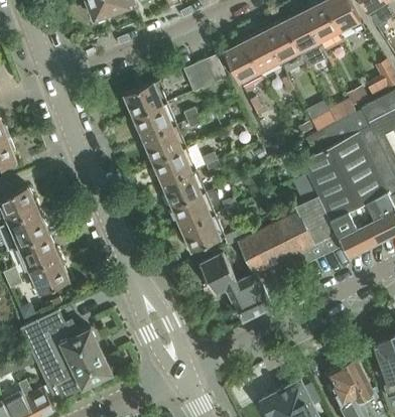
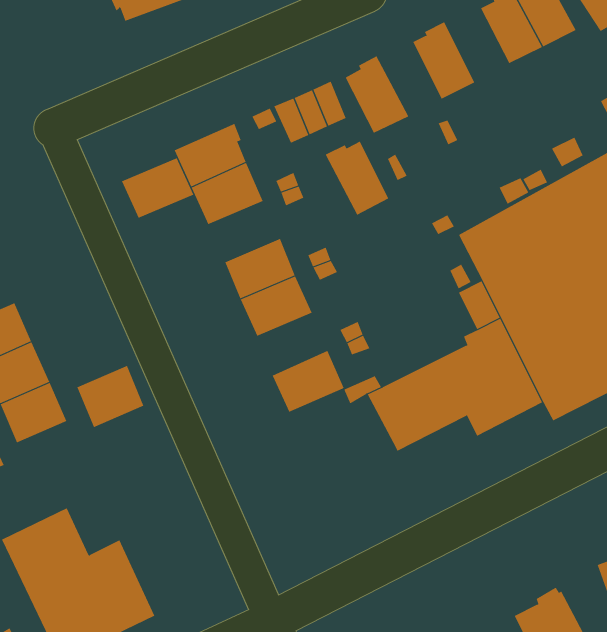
building: [283,12,321,56] -> none
building: [243,32,281,77] -> [325,141,389,215]
building: [142,127,185,163] -> [121,158,194,218]
building: [171,190,218,231] -> none
building: [200,253,271,322] -> none
building: [28,258,69,295] -> [77,365,144,428]

